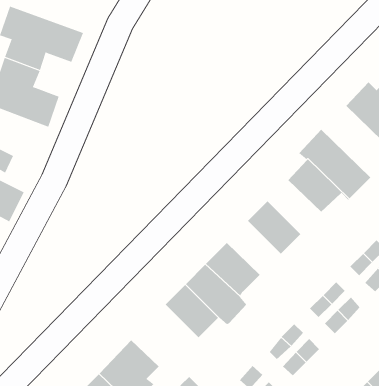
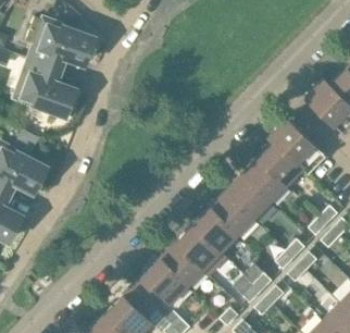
building: none -> [242,158,286,201]
building: none -> [210,190,253,234]
building: none -> [133,258,187,308]

